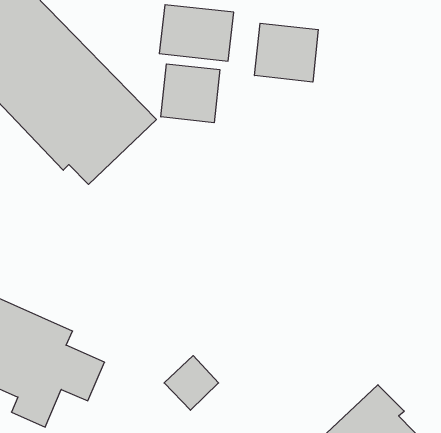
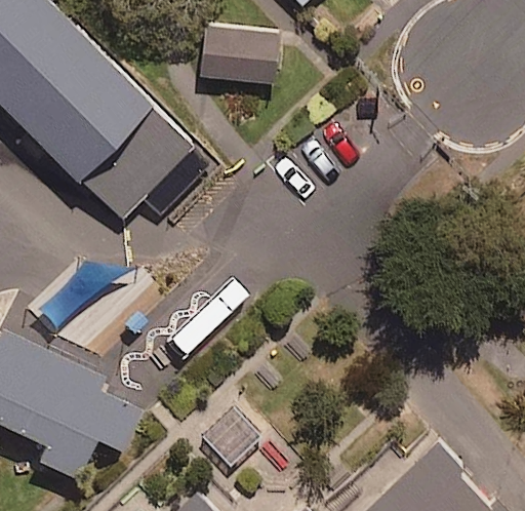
building: [255,23,318,82] -> none
building: [161,64,220,123] -> none

